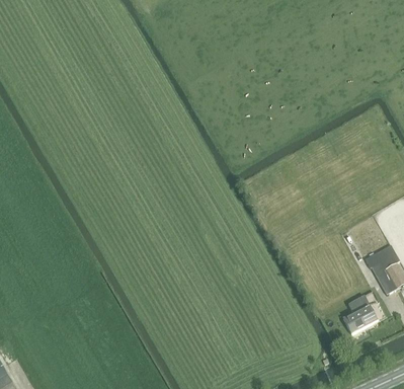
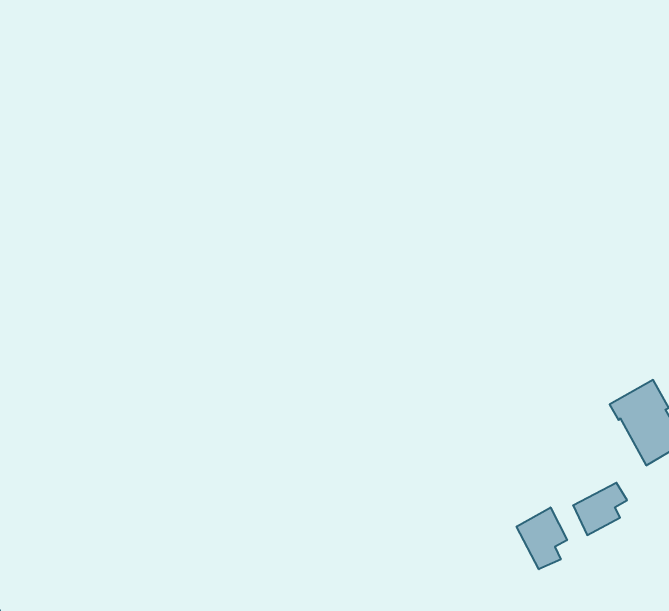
building: none -> [517,507,567,569]

